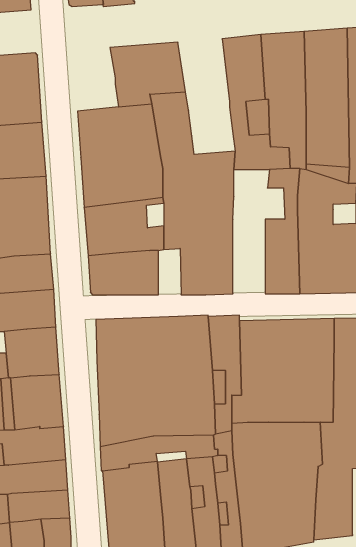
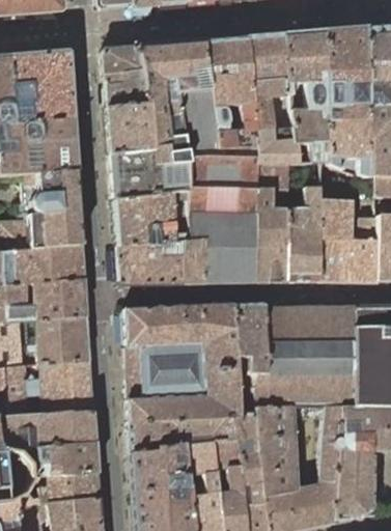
building: none -> [203,38,258,149]
building: none -> [103,47,146,108]
building: none -> [256,164,291,283]
building: none -> [185,240,206,284]

